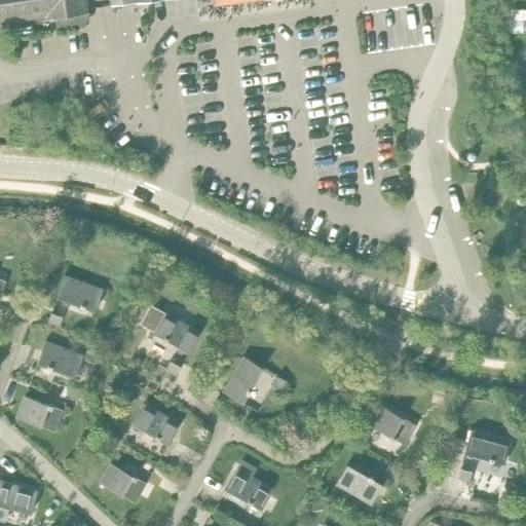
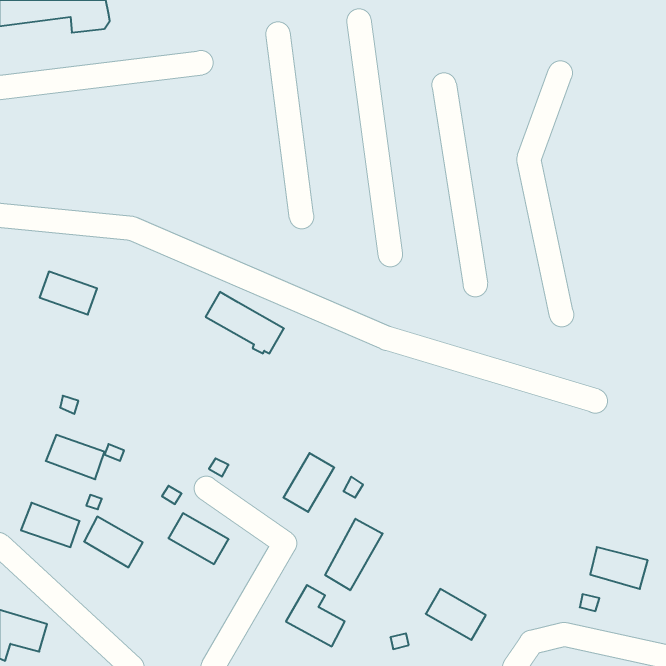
building: [57,277,102,311] -> [40,272,97,315]
building: [139,305,200,353] -> [206,292,284,353]
building: [368,406,416,446] -> none
building: none -> [325,519,383,590]
building: [100,463,146,503] -> [84,517,143,567]

